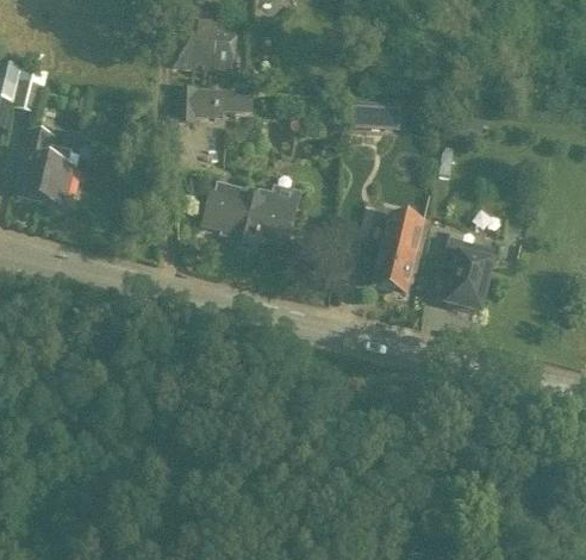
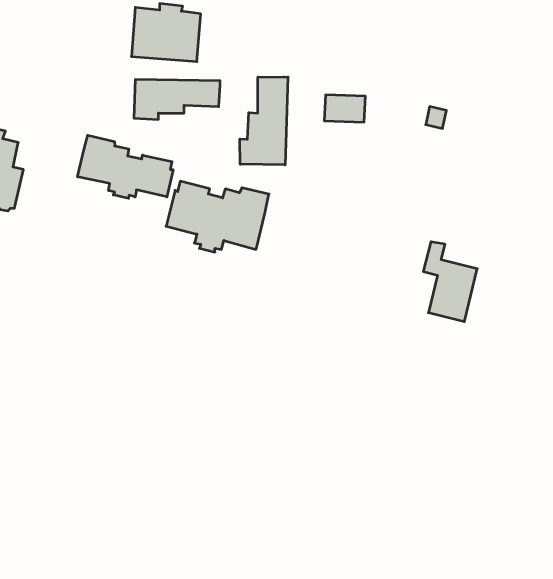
building: none -> [240,77,288,165]
building: none -> [78,135,173,198]
building: [375,198,429,291] -> none

